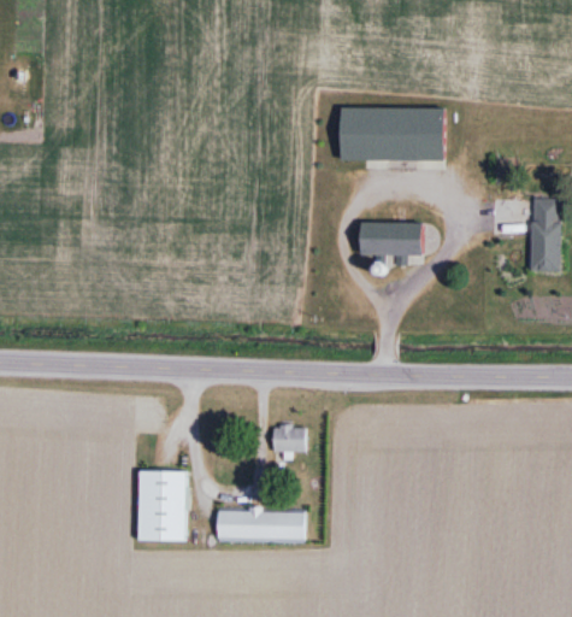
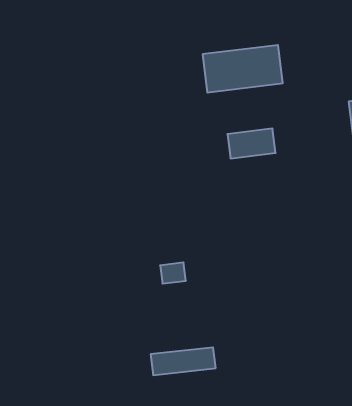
building: [273,427,306,452] -> [160,262,186,284]
building: [138,471,187,541] -> none

